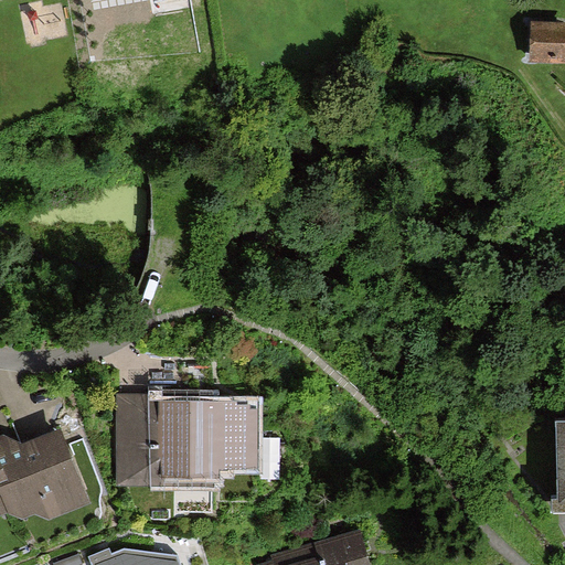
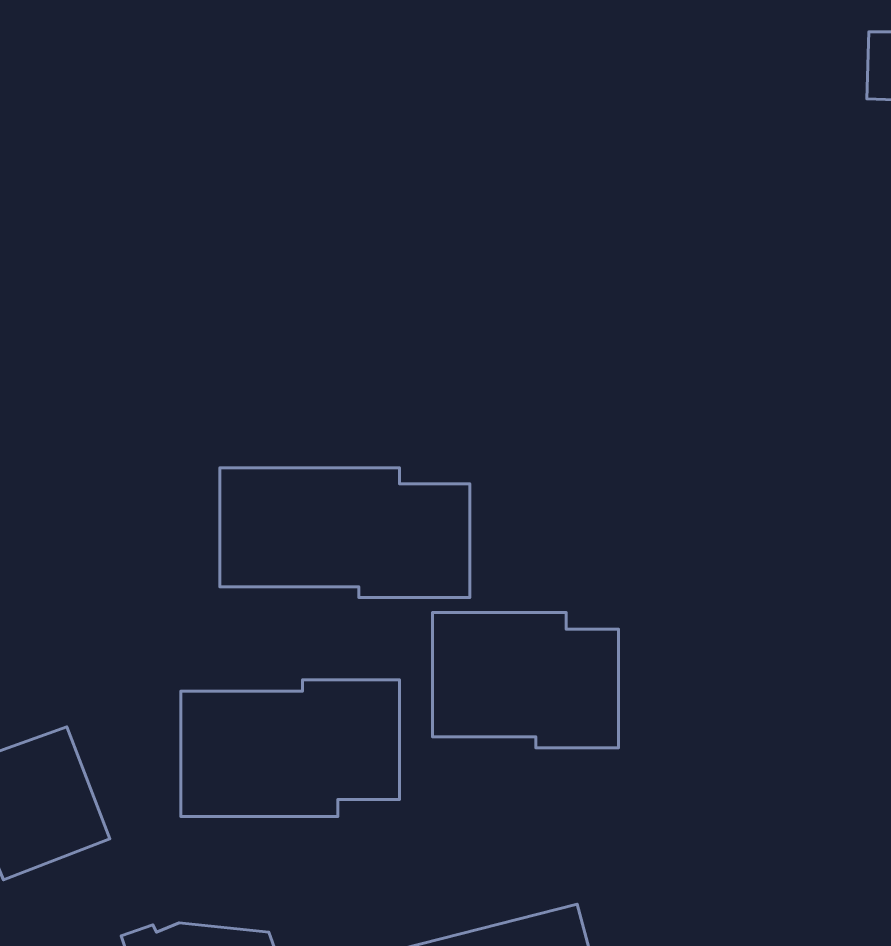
building: none -> [220,468,470,598]
building: none -> [433,612,619,748]

